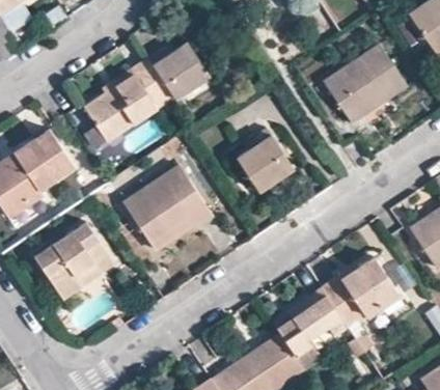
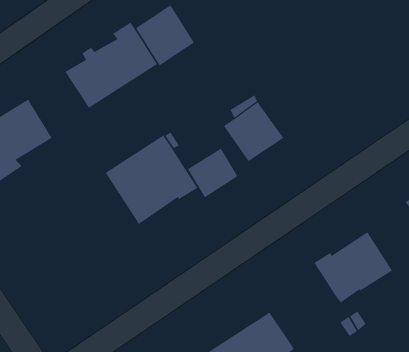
building: [323,44,407,123] -> none
building: none -> [187,147,238,198]
building: [34,222,113,299] -> none
building: [272,287,349,357] -> none

